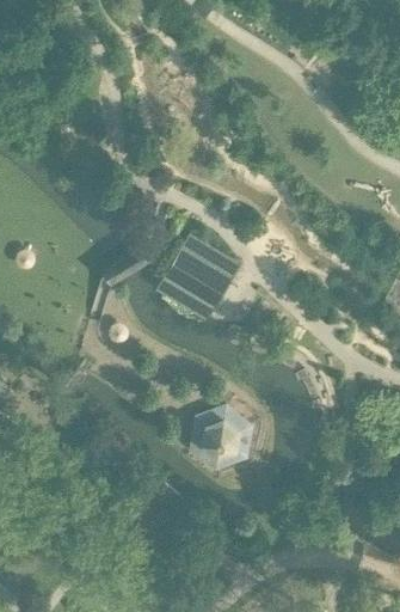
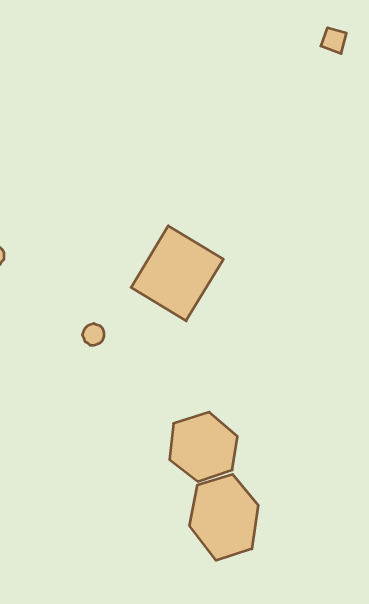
building: none -> [190,474,258,560]

